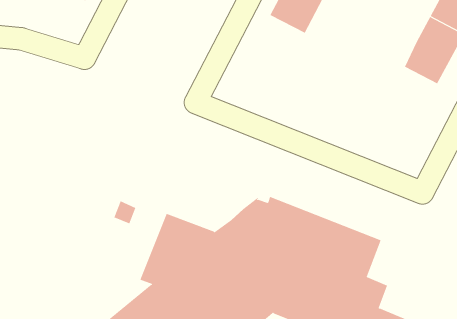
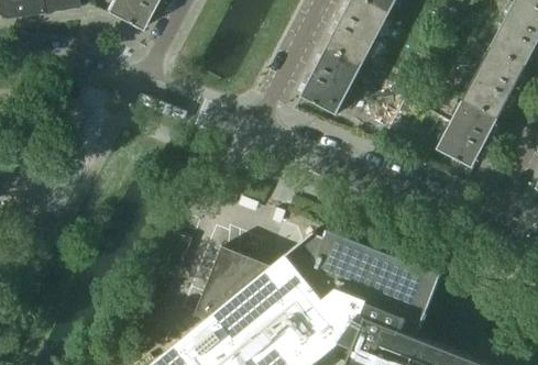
building: none -> [300,44,363,113]
building: none -> [437,97,498,167]

